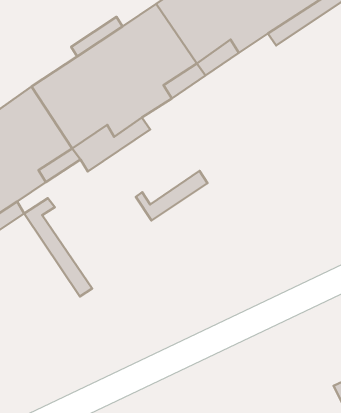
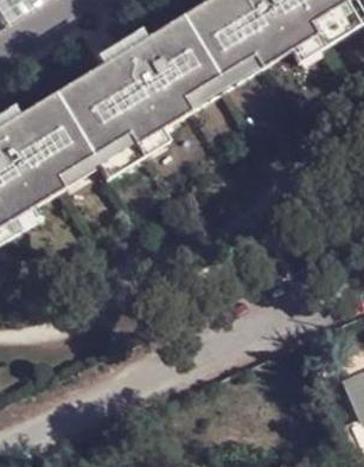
building: [136,171,208,221] -> none
building: [24,198,92,296] -> none

